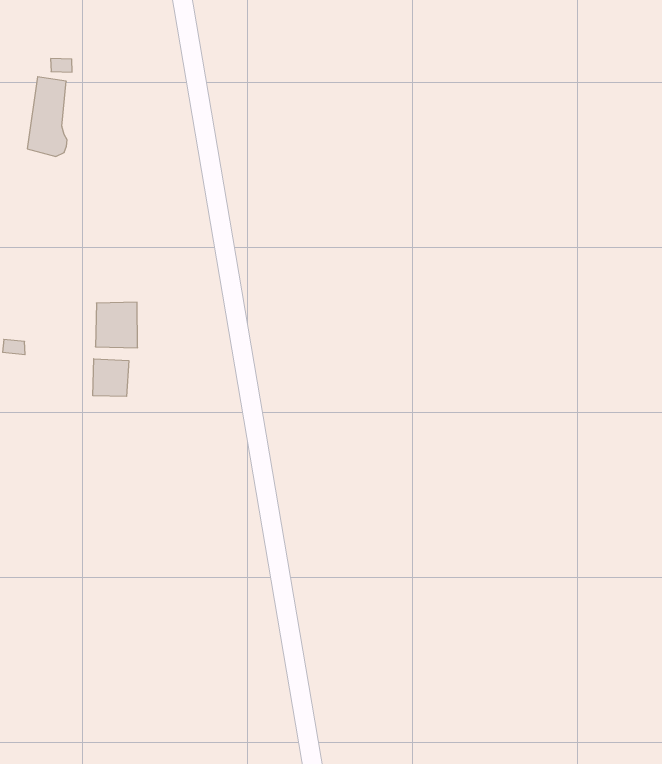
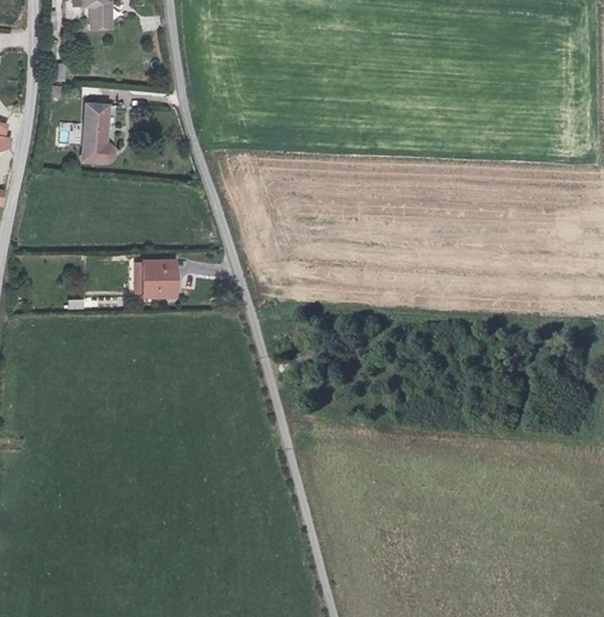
building: [93,359,129,396] -> none

